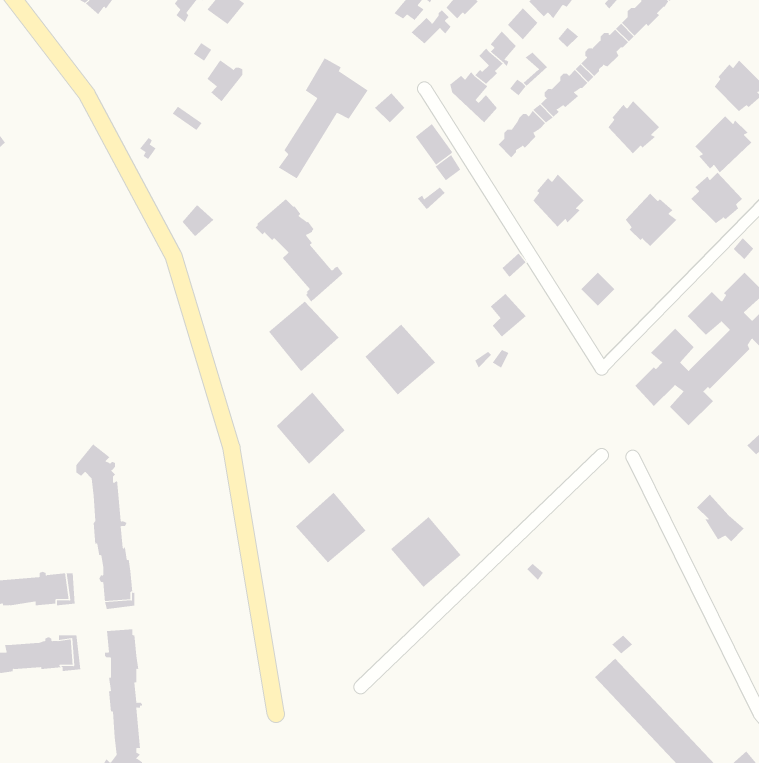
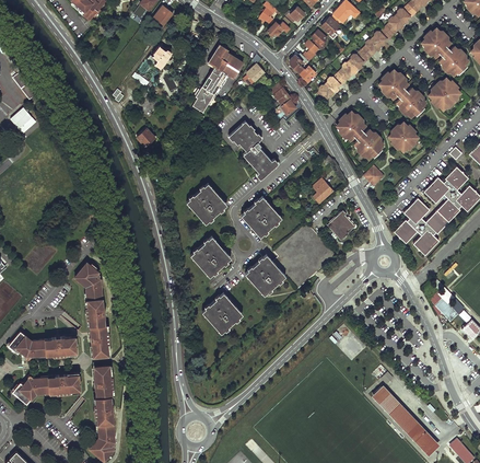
building: none -> [420,27,450,58]
building: [691,172,743,224] -> [396,88,425,117]
building: [255,198,344,303] -> [227,120,278,180]
building: none -> [353,129,383,159]
building: none -> [326,210,355,241]
building: [390,516,462,588] -> [244,254,284,294]

